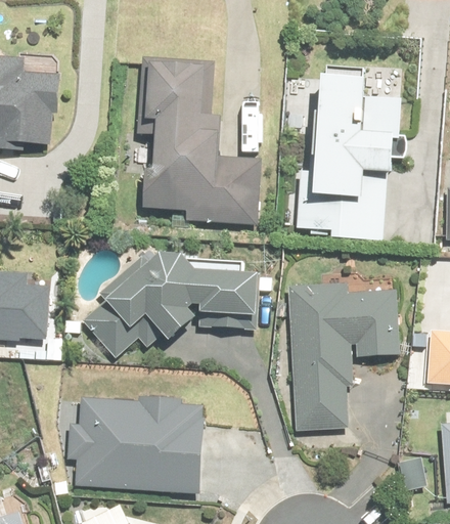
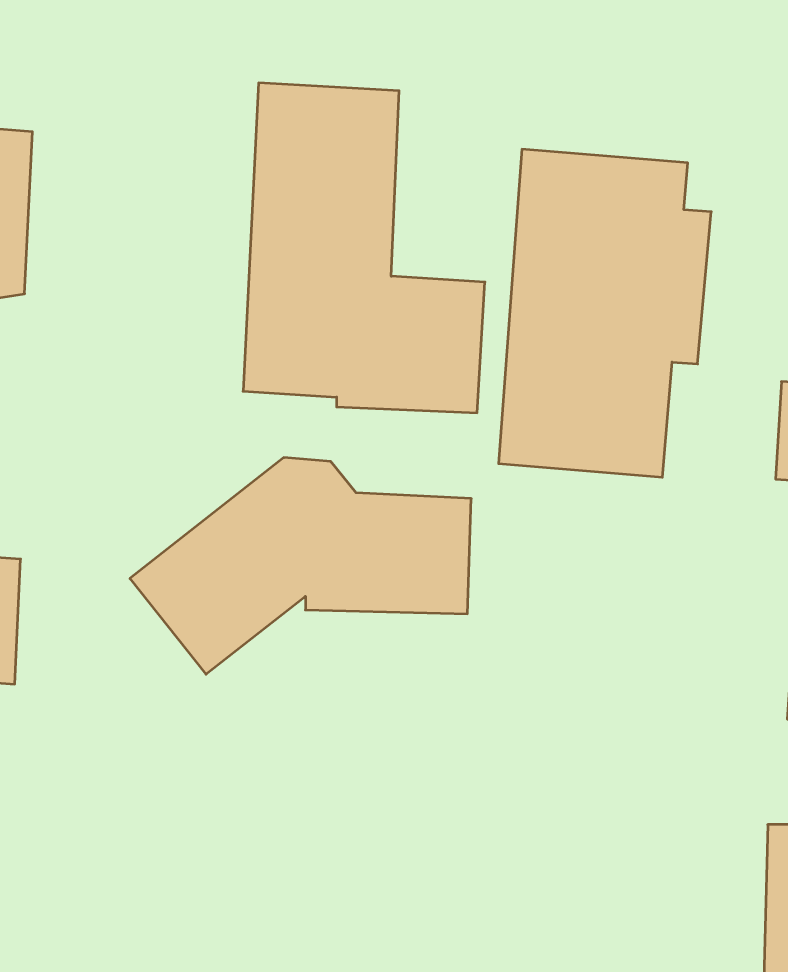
building: [290,267,414,413] -> none
building: [45,412,184,507] -> none

